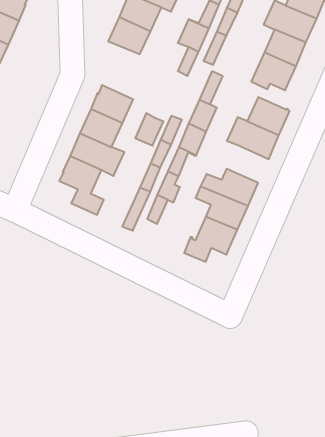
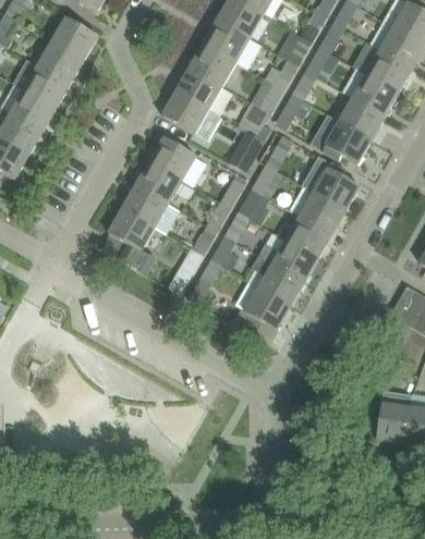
building: none -> [162,90,208,133]
building: [135,113,164,146] -> [232,130,264,164]
building: none -> [287,215,332,257]

